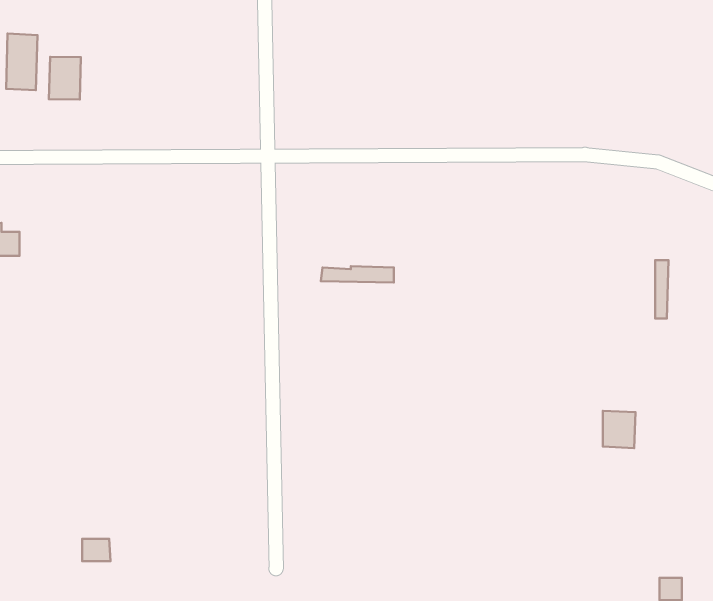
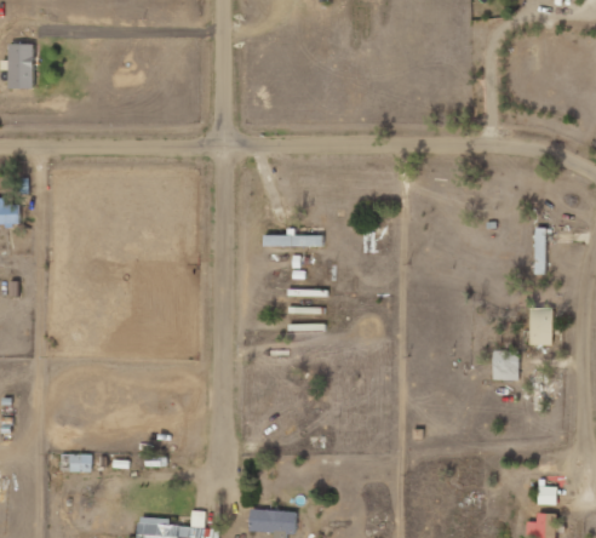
building: [49,57,81,99] -> none
building: none -> [529,309,551,345]

